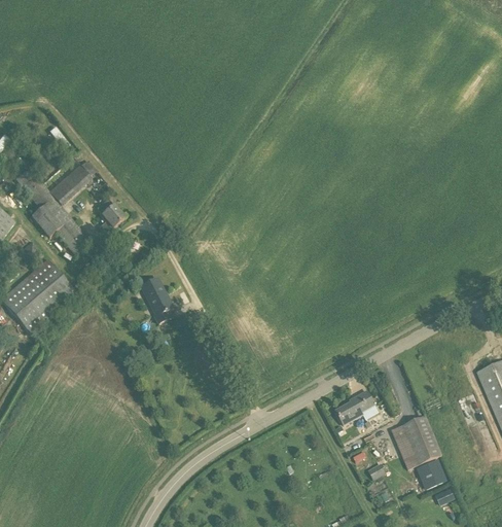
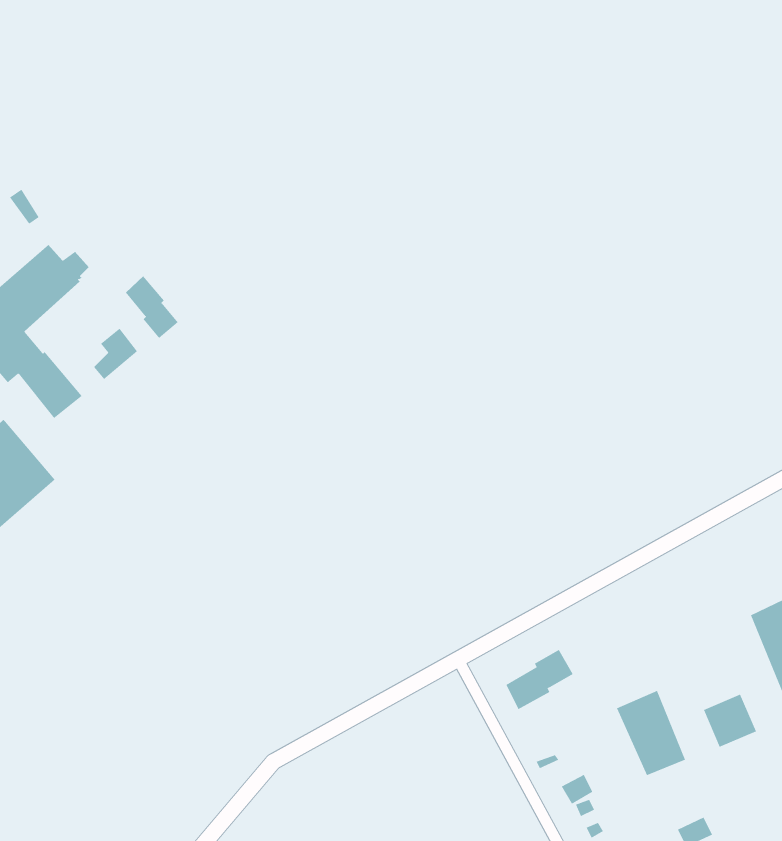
building: none -> [125,276,179,339]
building: [143,279,173,324] -> none
building: [416,458,446,489] -> [703,694,757,747]

